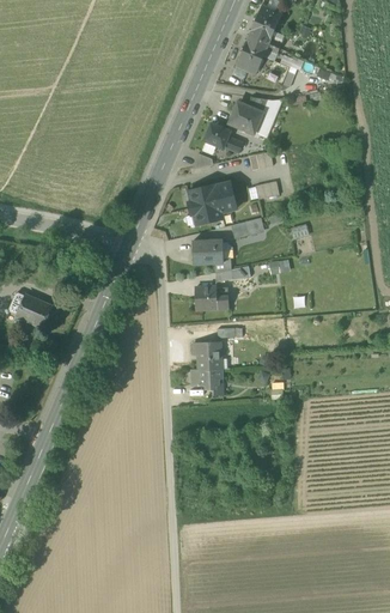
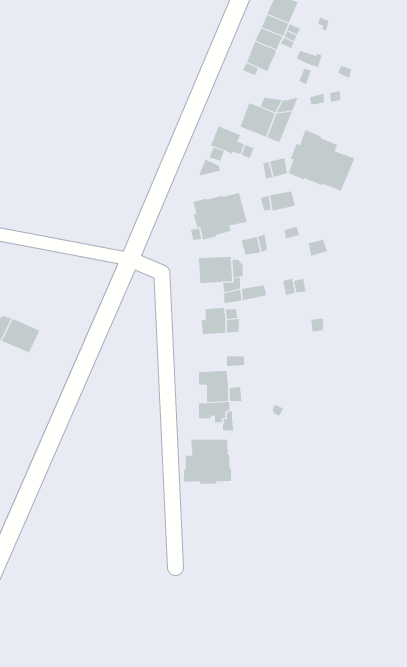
building: none -> [288,129,355,192]
building: none -> [183,439,232,484]

